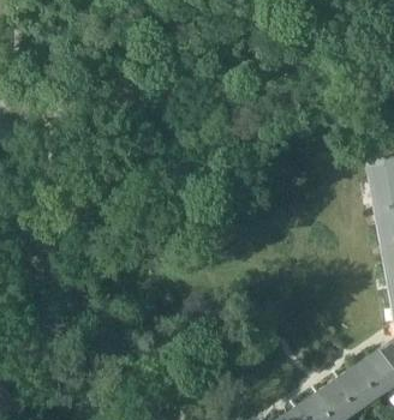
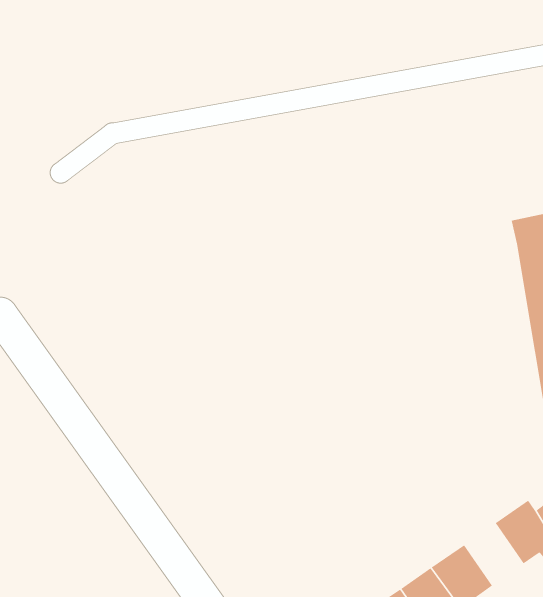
building: [336,367,376,409] -> none

